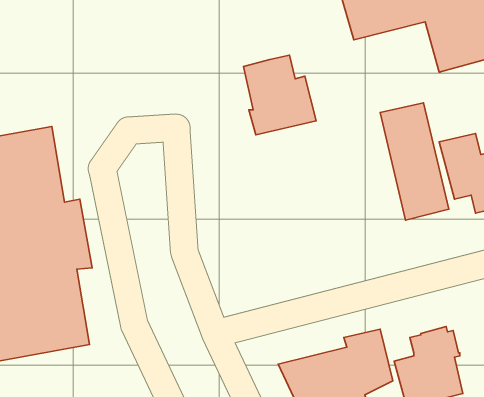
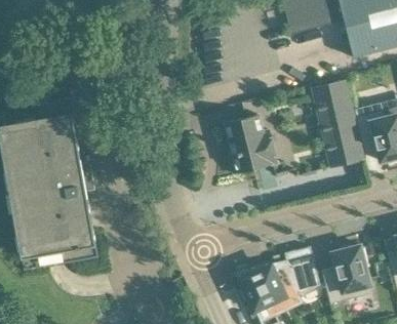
building: [243,55,316,135] -> [224,115,277,173]

